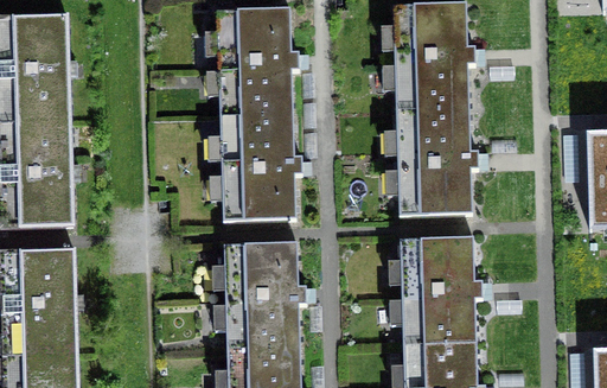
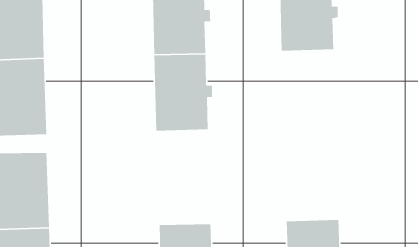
building: [395,109,478,216] -> none
building: [400,238,481,345] -> none
building: [223,243,306,350] -> none

